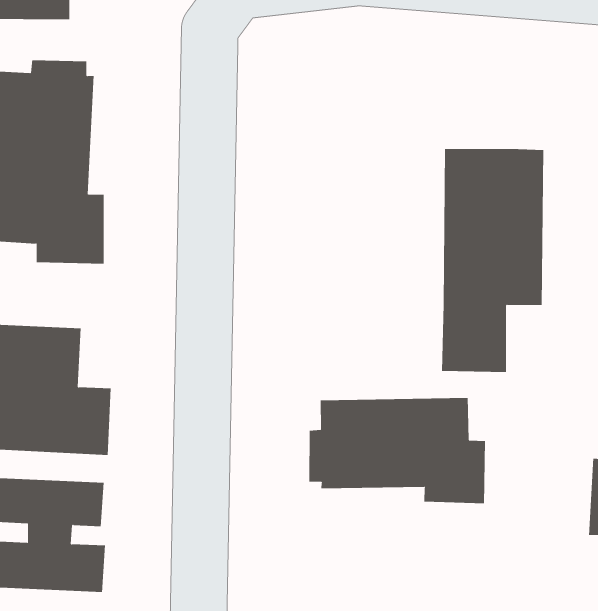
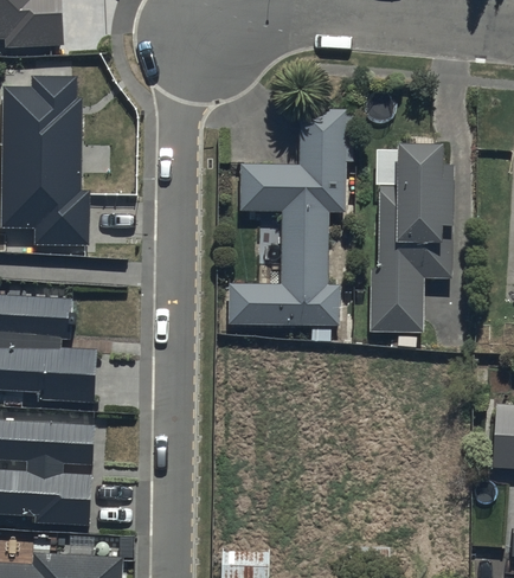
building: none -> [227,109,345,326]
building: [309,397,485,504] -> none

